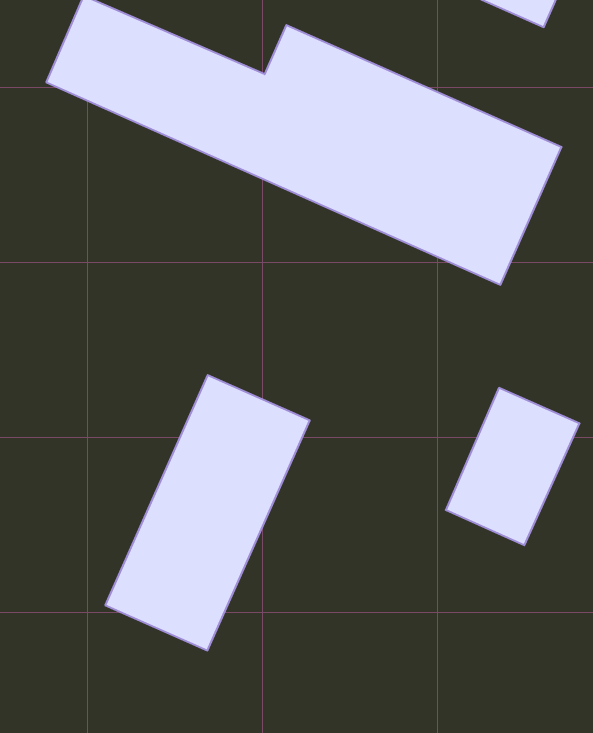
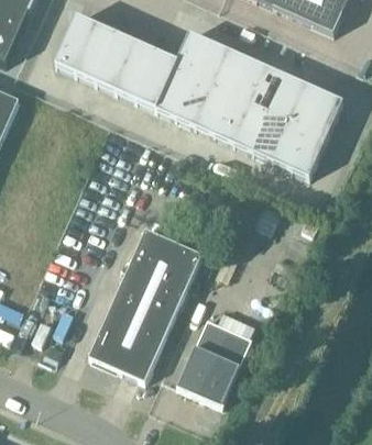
building: [446,388,580,545] -> [177,318,252,405]

